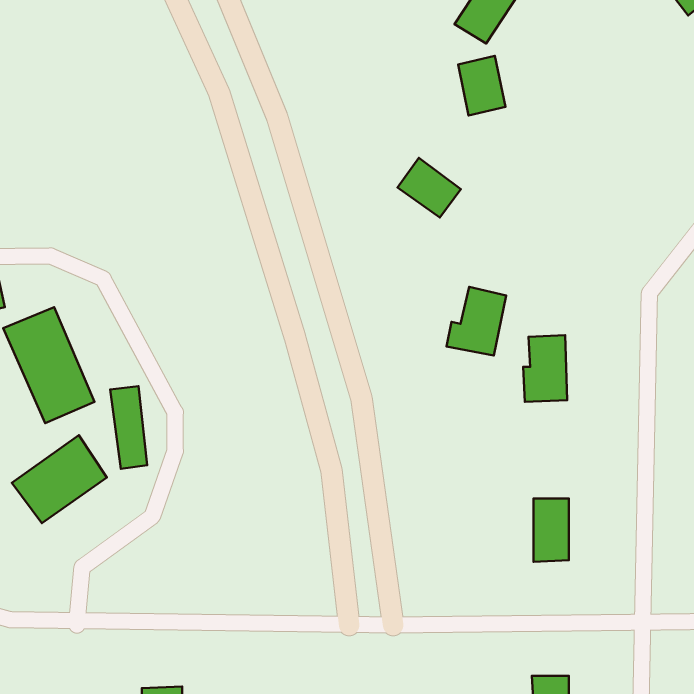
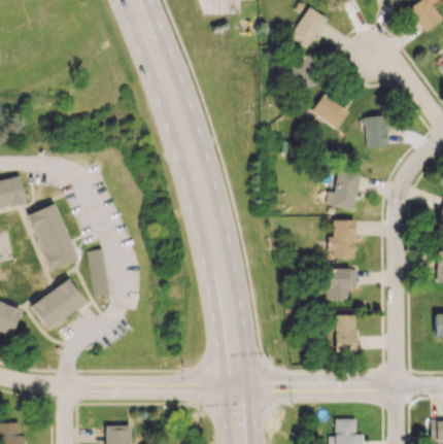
building: [398,158,461,217] -> [312,94,349,129]
building: none -> [364,115,389,148]
building: [446,287,506,355] -> [326,170,361,210]
building: none -> [325,268,357,300]

